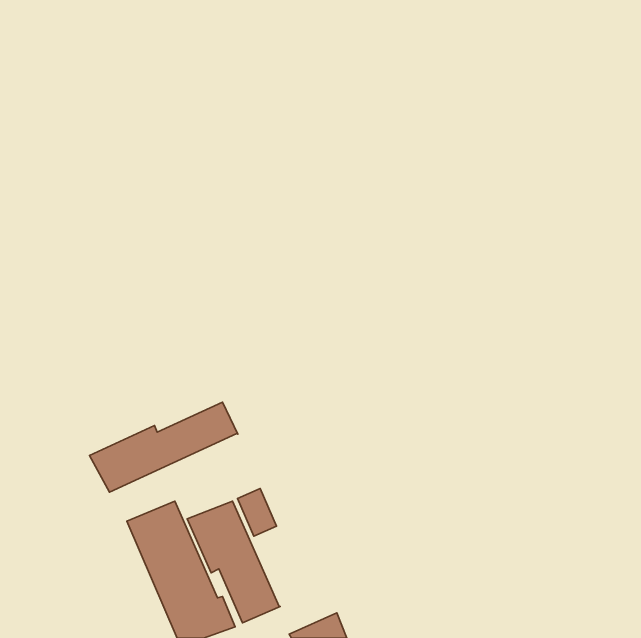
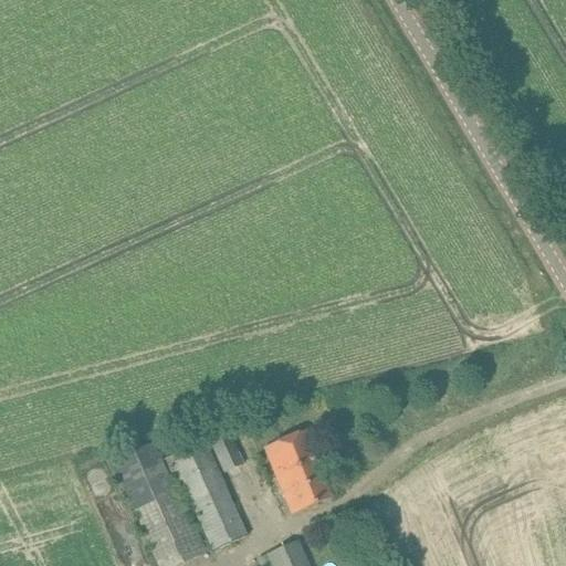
building: [89,402,238,492] -> none
building: none -> [268,429,332,511]

